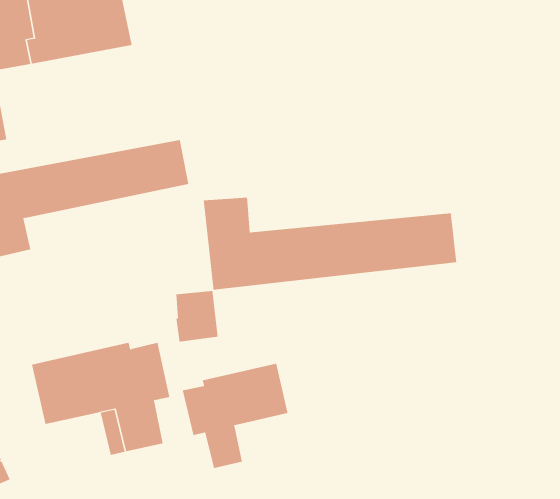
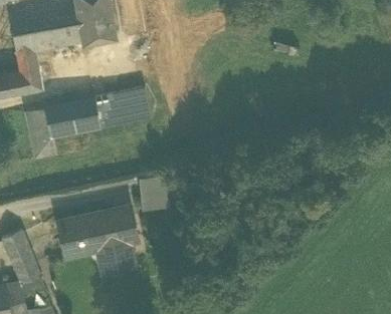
building: [203,197,457,291] -> none
building: [182,363,288,469] -> none

